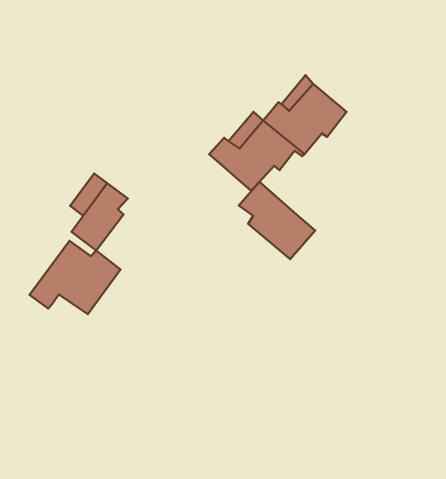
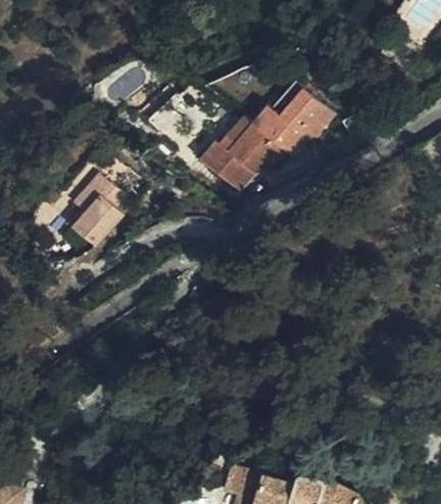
building: [239,182,315,259] -> none
building: [30,241,120,314] -> none

